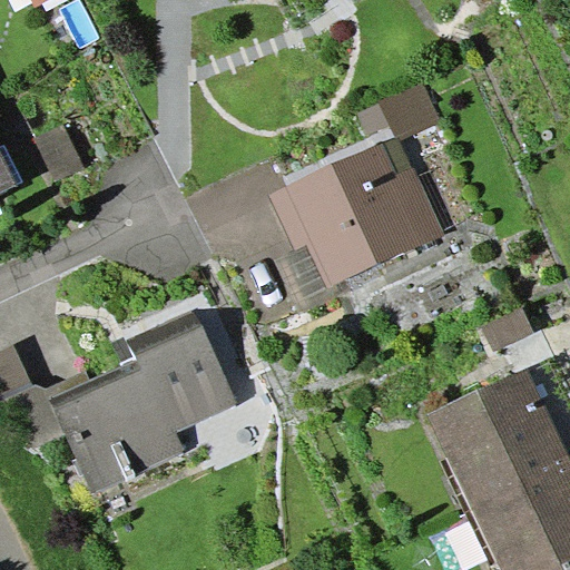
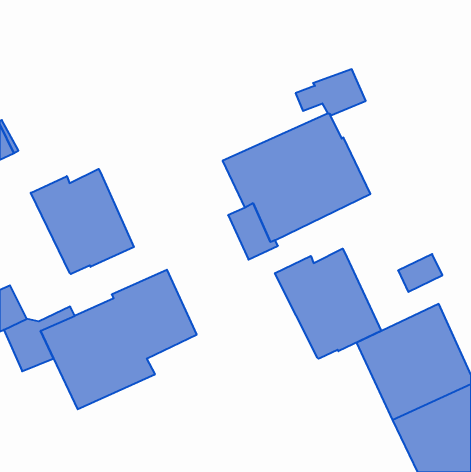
building: none -> [31,169,134,274]
building: none -> [275,249,381,359]

